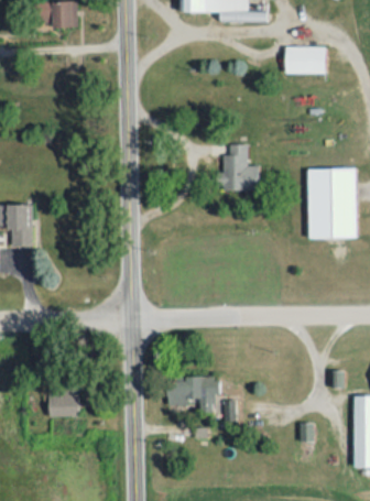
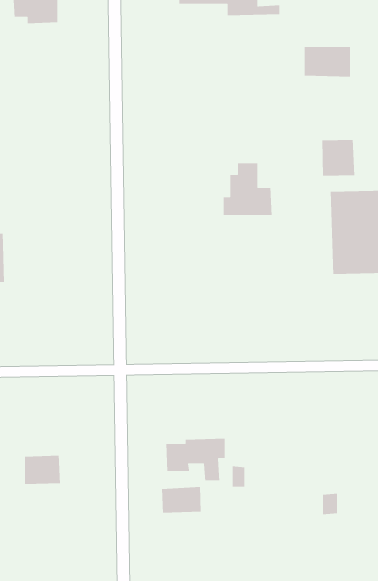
building: none -> [321,139,355,177]
building: none -> [161,486,202,513]

